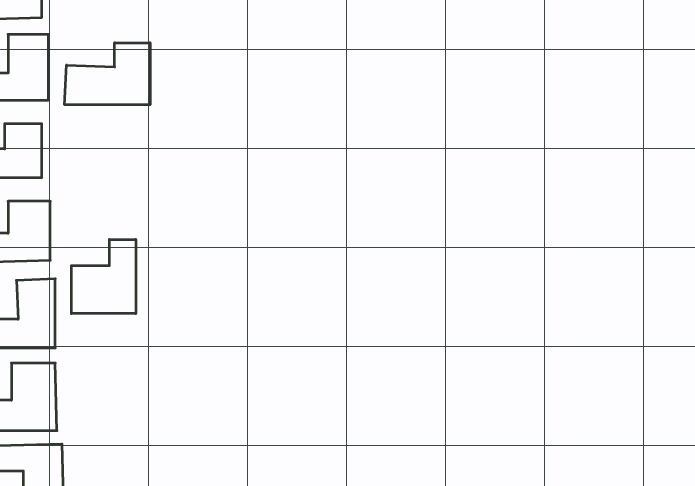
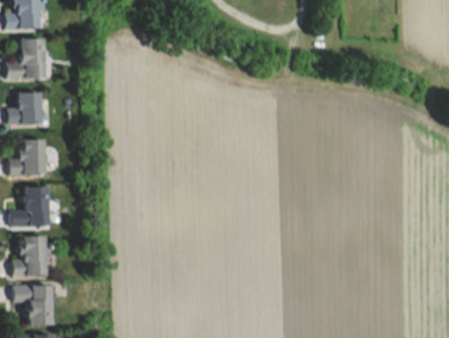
building: [65,43,150,105] -> none
building: [71,239,136,314] -> none

